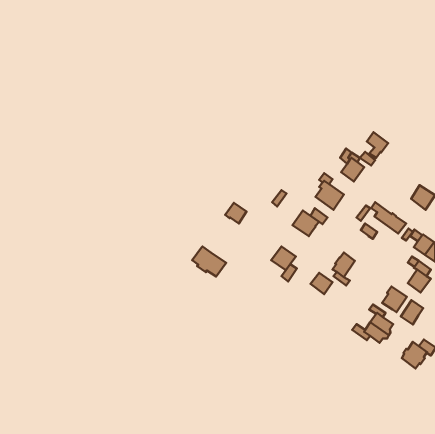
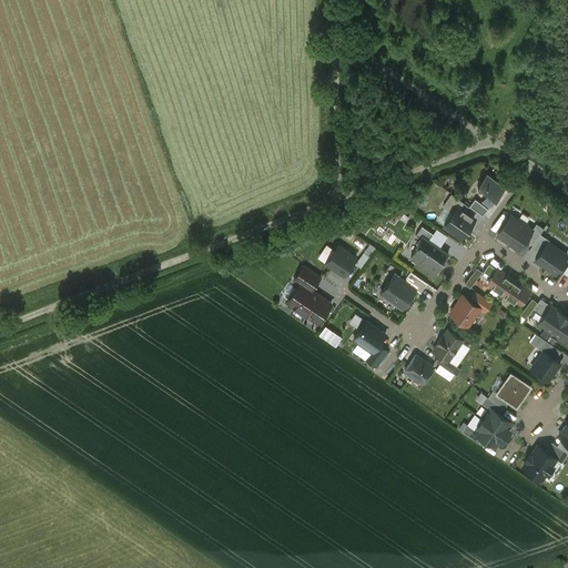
building: none -> [497,217,530,250]
building: none -> [325,247,355,277]
building: none -> [449,296,480,327]
building: [192,247,226,276] -> [286,285,331,324]
building: [401,300,423,324] -> none

